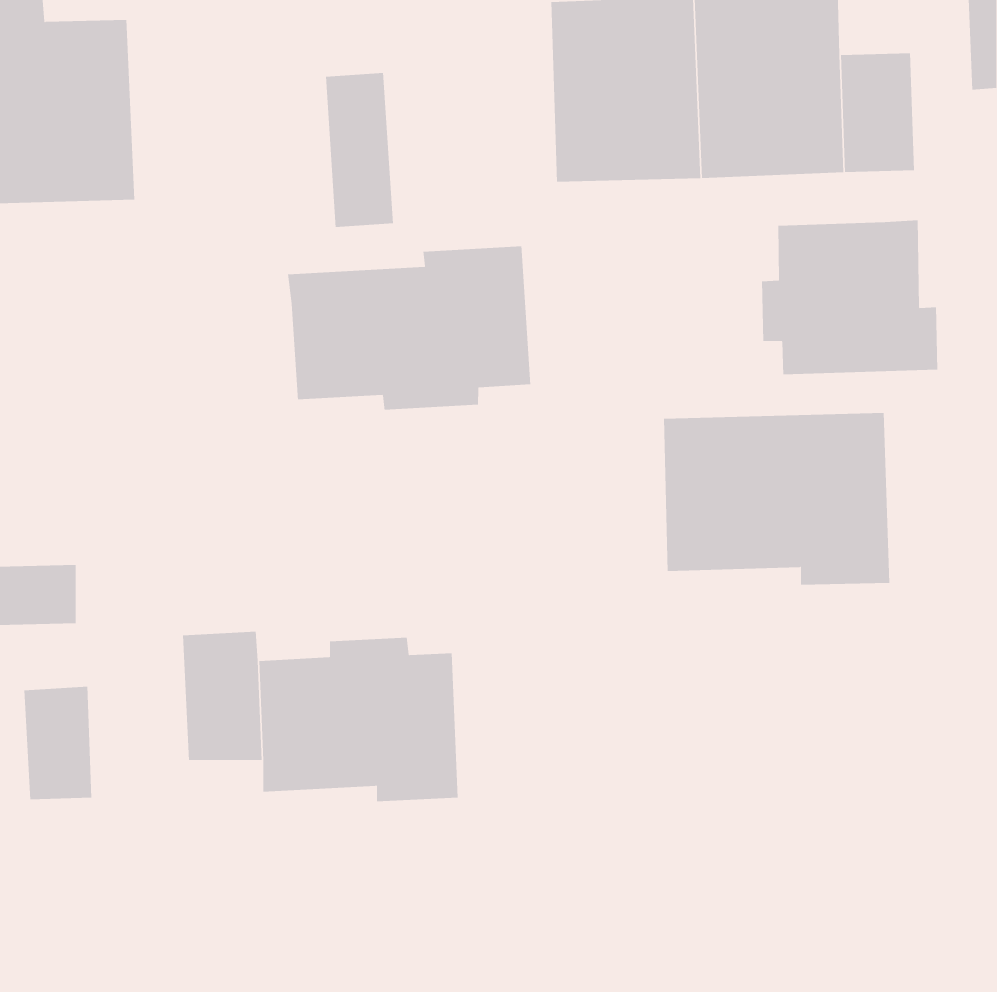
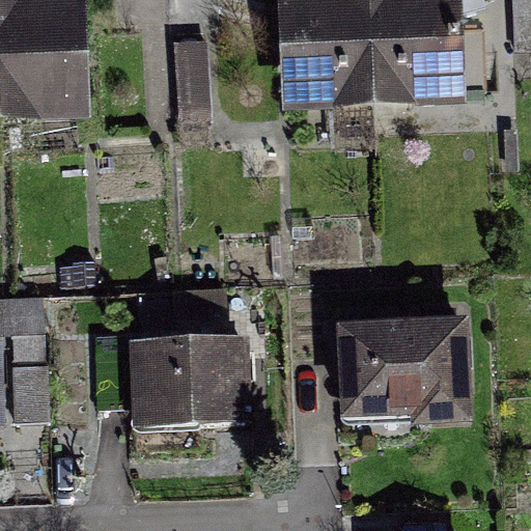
building: [762,220,938,375] -> none
building: [288,245,531,411] -> none
building: [663,413,890,585] -> [342,327,463,418]

